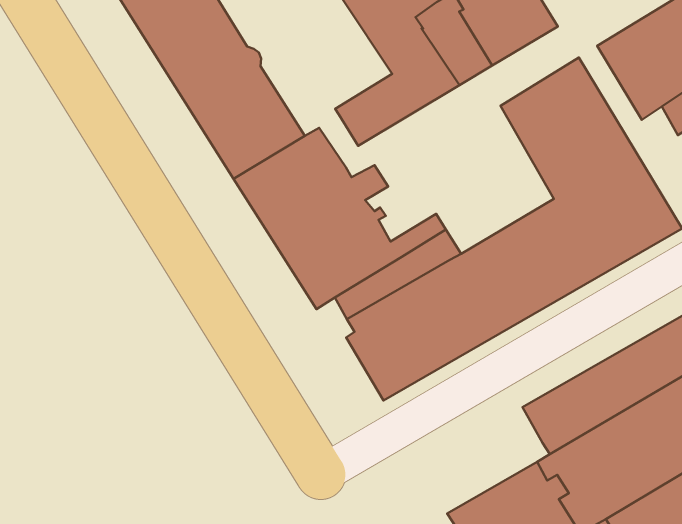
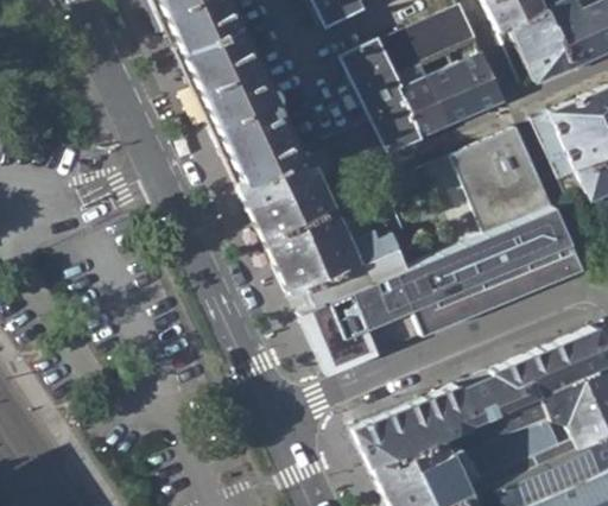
building: none -> [354,391,457,466]

